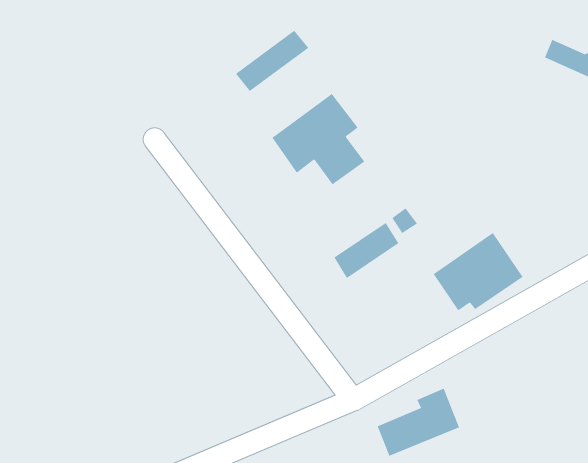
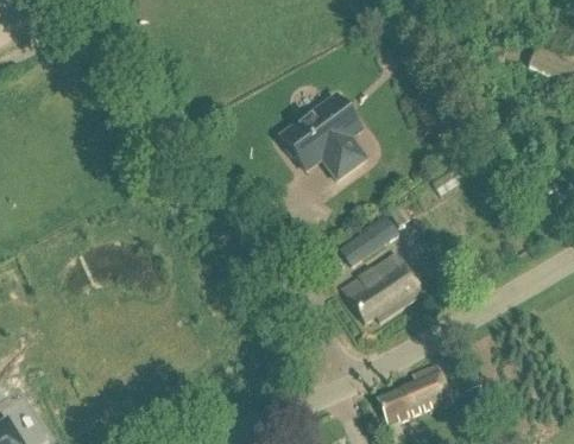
building: [235,30,309,92] -> none
building: [433,232,524,311] -> [342,250,424,322]

